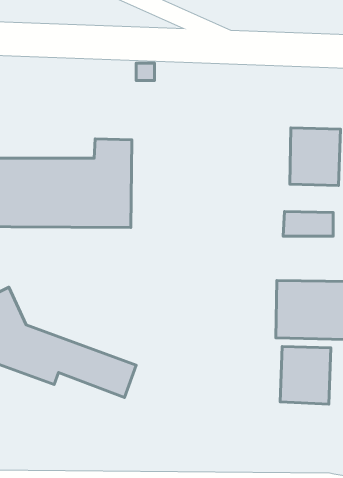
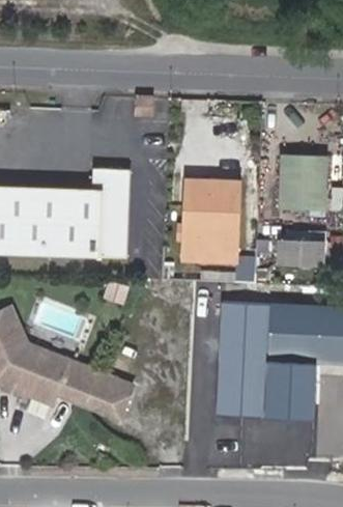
building: none -> [182,186,236,262]
building: none -> [218,303,266,417]

